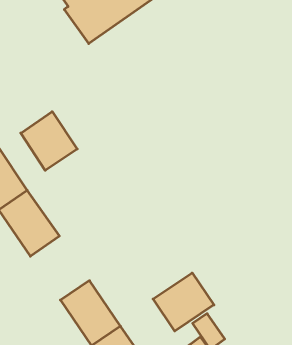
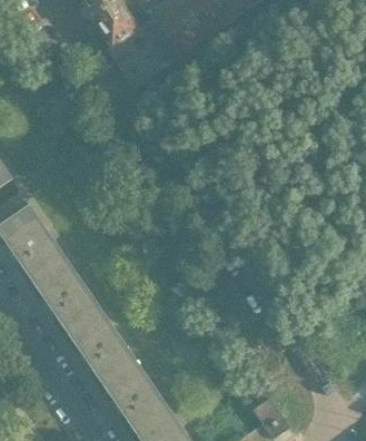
building: [21,112,77,170] -> none
building: none -> [65,304,132,378]
building: [153,273,214,331] -> none

